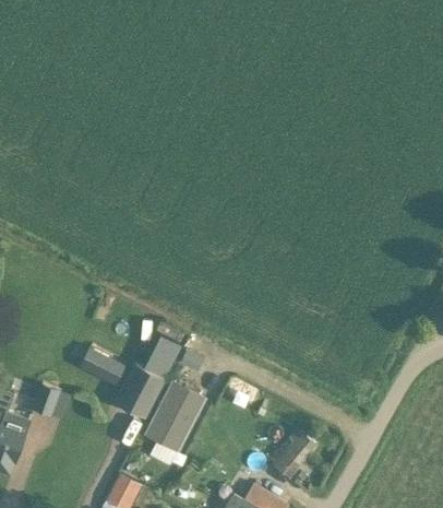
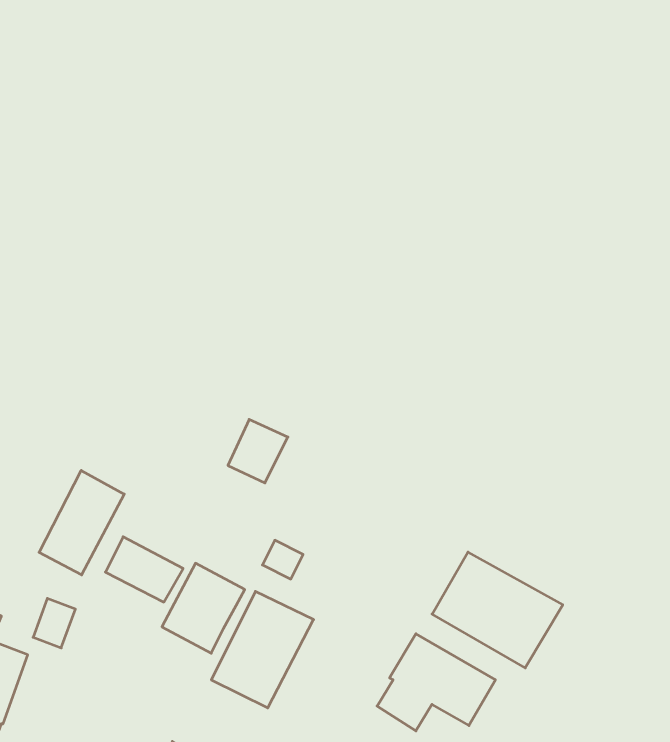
building: none -> [39,470,124,575]
building: [141,334,178,374] -> [228,419,288,483]
building: none -> [432,552,563,668]

